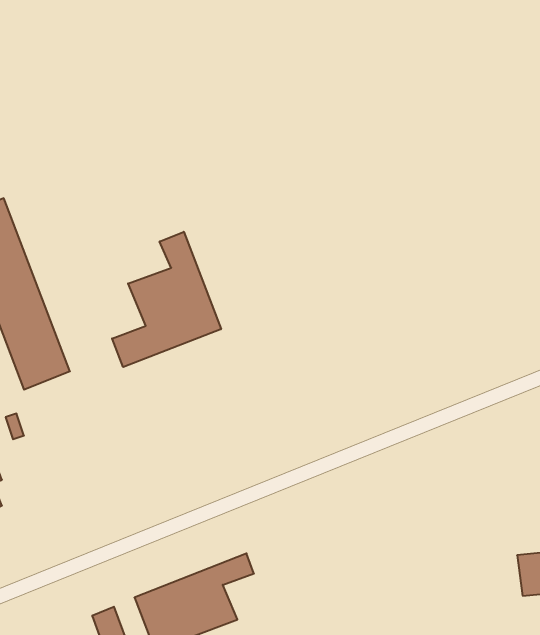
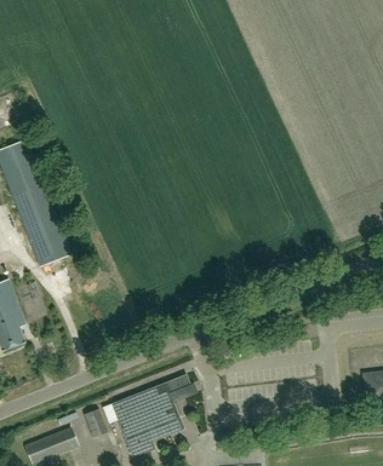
building: [112,232,221,367] -> none

